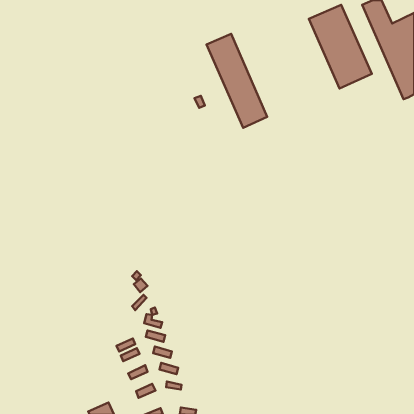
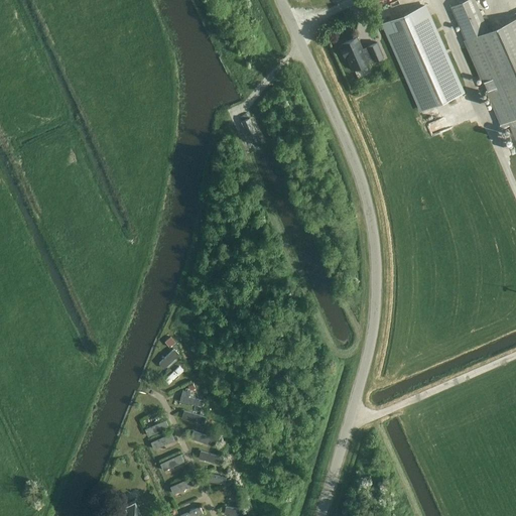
building: none -> [340,37,384,72]
building: [207,34,267,128] -> none

